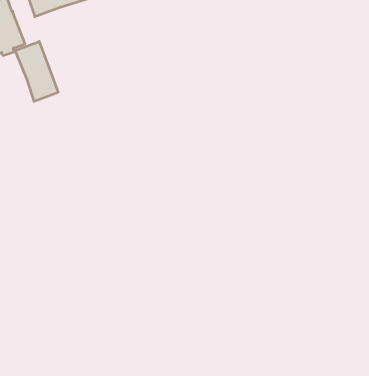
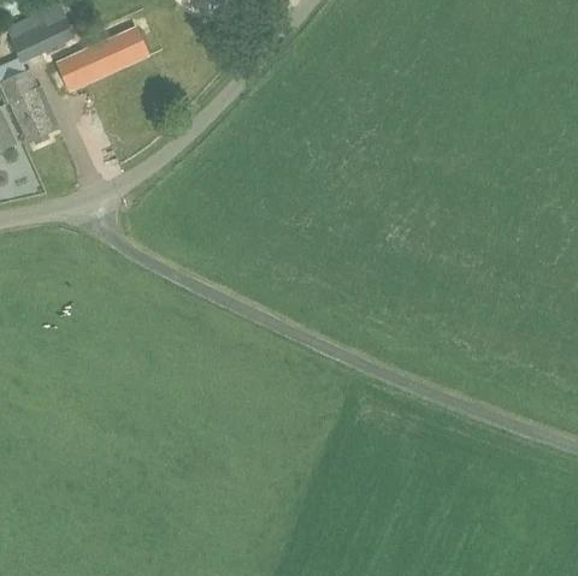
building: [15,41,58,101] -> none

